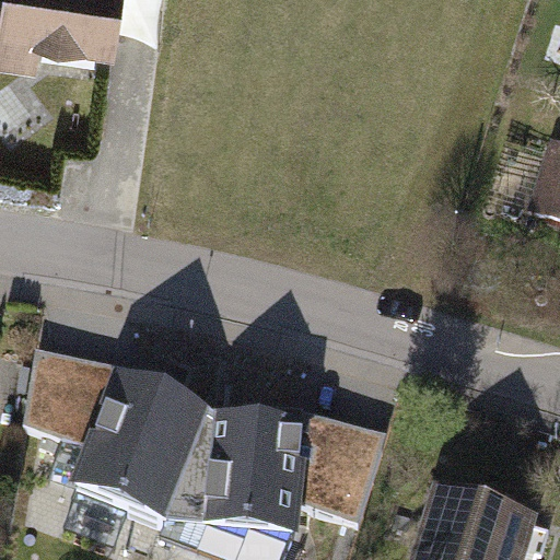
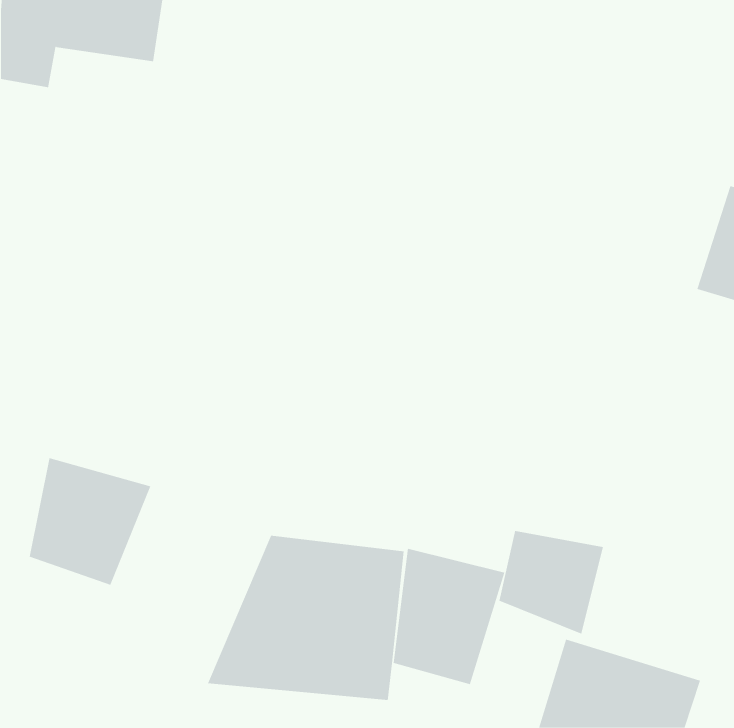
building: [70,370,207,520] -> none
building: none -> [499,530,603,635]

